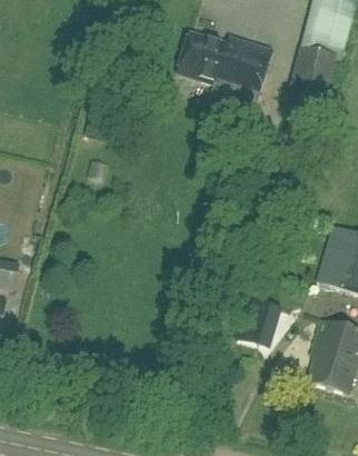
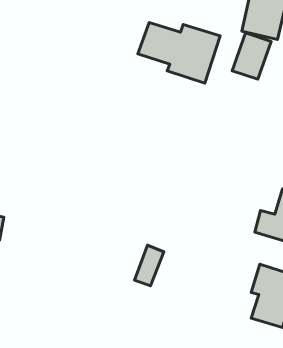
building: [252,299,287,347] -> [134,245,164,286]

